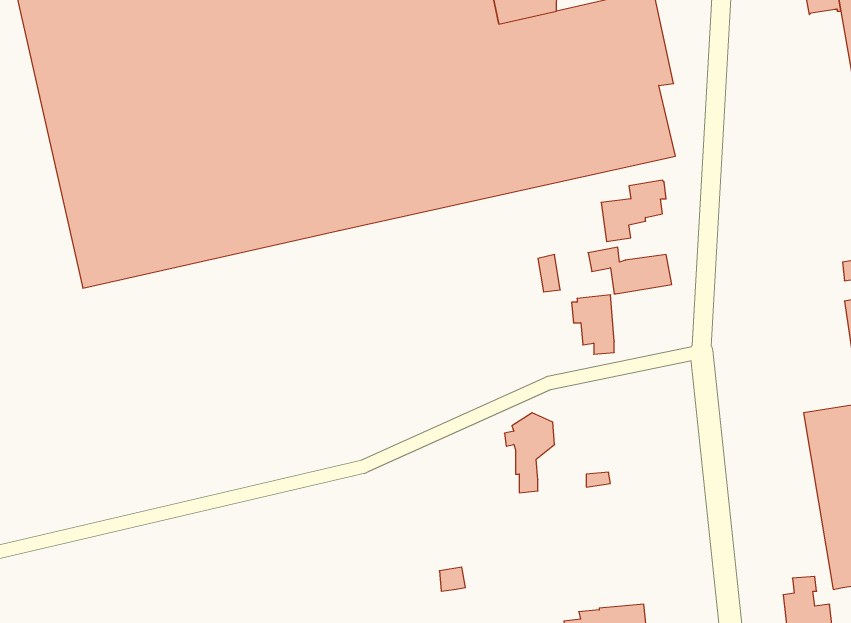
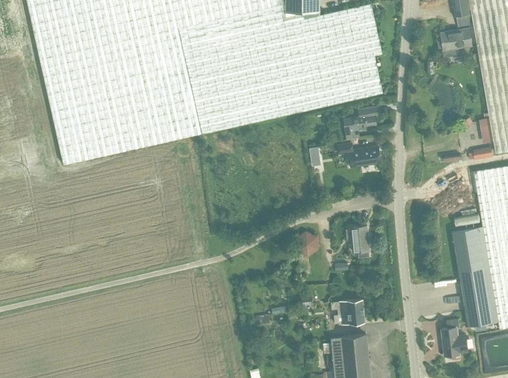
building: none -> [437,27,472,56]
building: [572,295,614,354] -> [346,224,369,256]
building: none -> [331,298,365,323]

